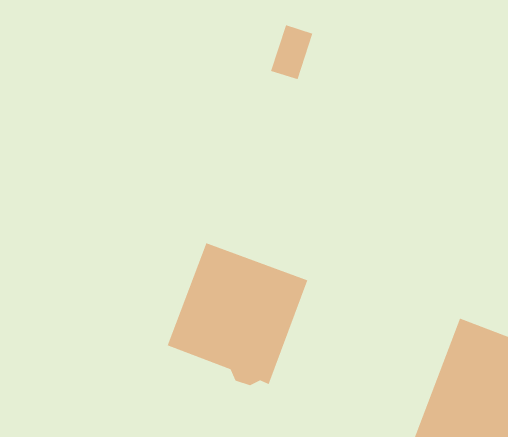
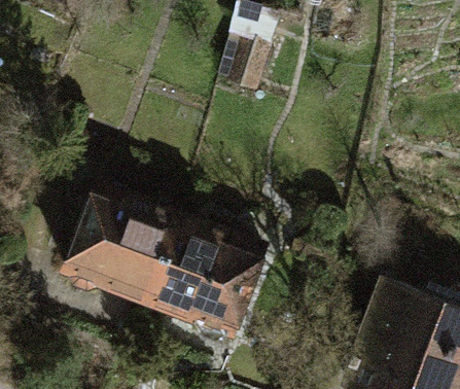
building: none -> [66,184,182,302]

